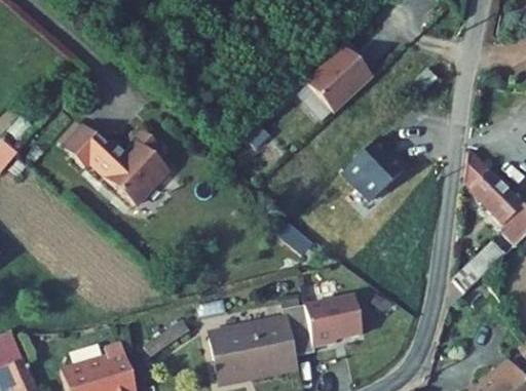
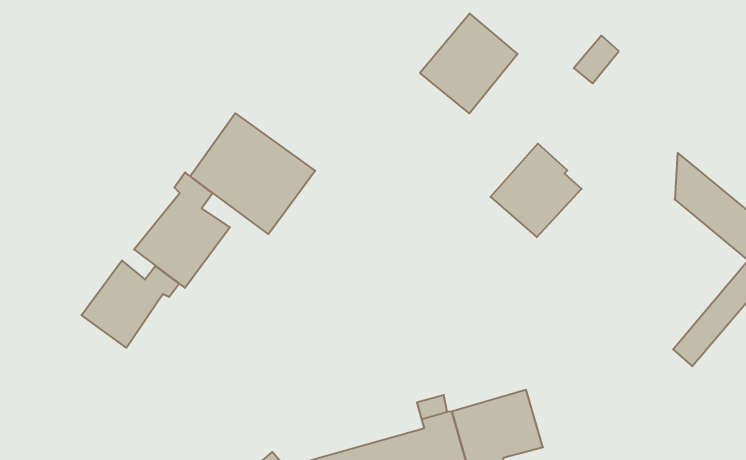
building: none -> [190,113,315,234]
building: [65,125,107,167] -> none
building: none -> [81,260,179,348]

